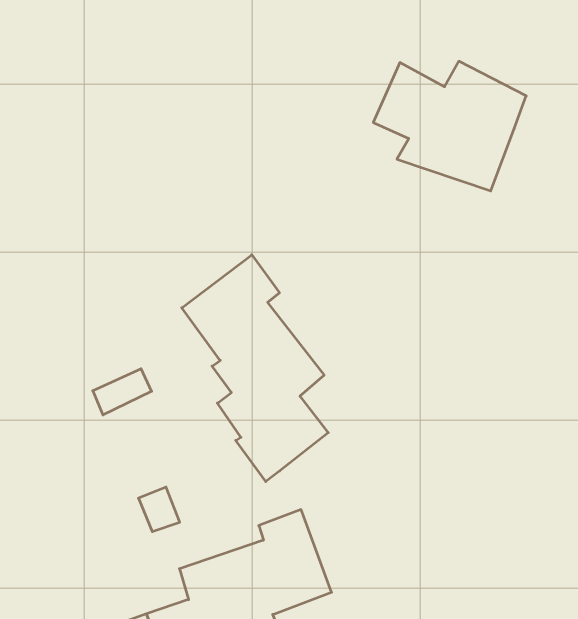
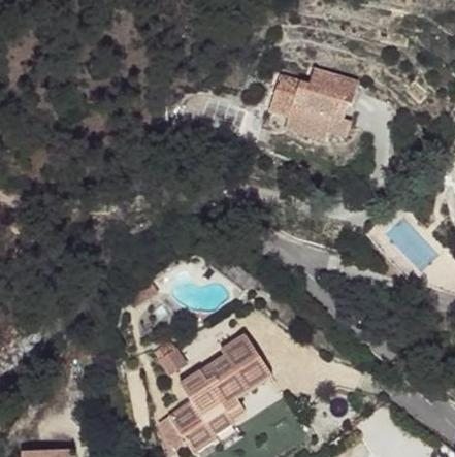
building: [182,255,328,482] -> none

